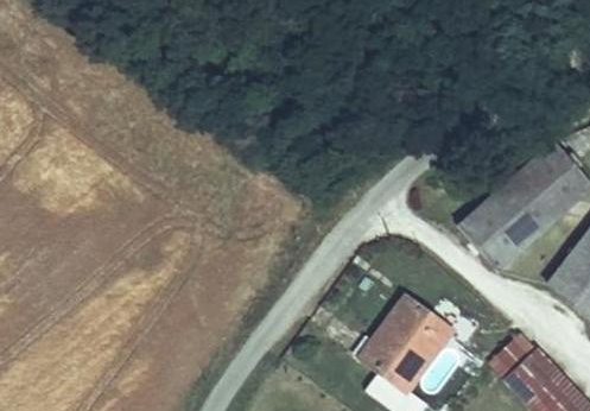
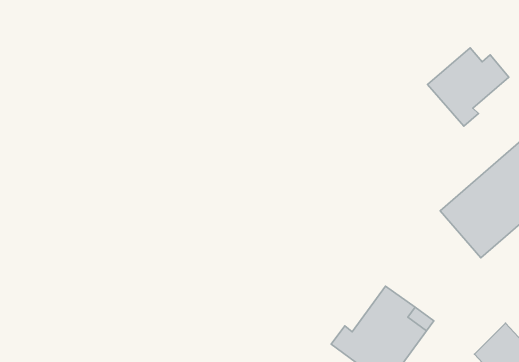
building: none -> [428,48,509,126]

